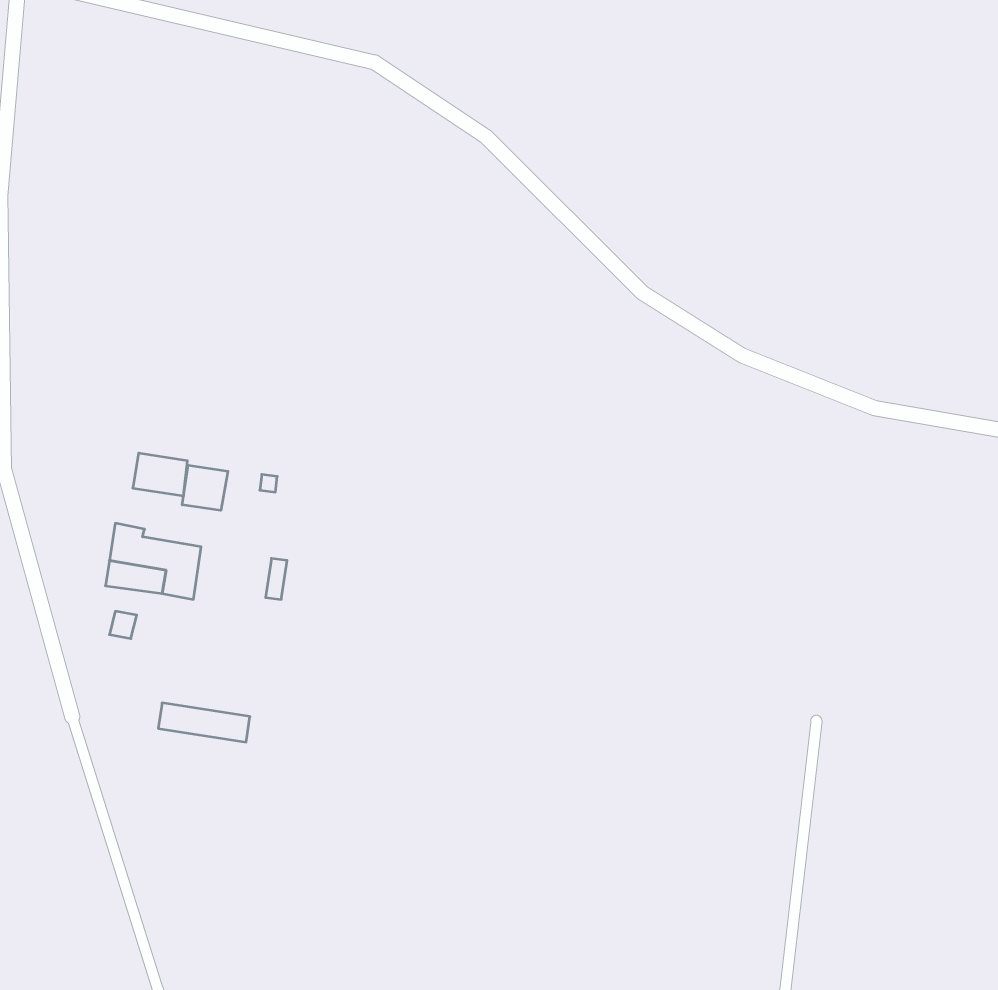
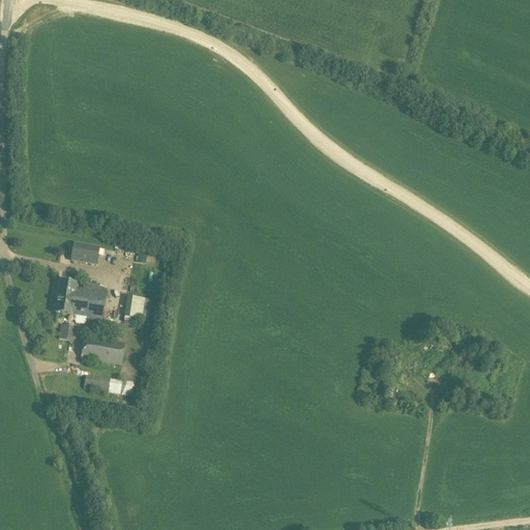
building: [182,465,228,510] -> none
building: none -> [81,334,125,362]

